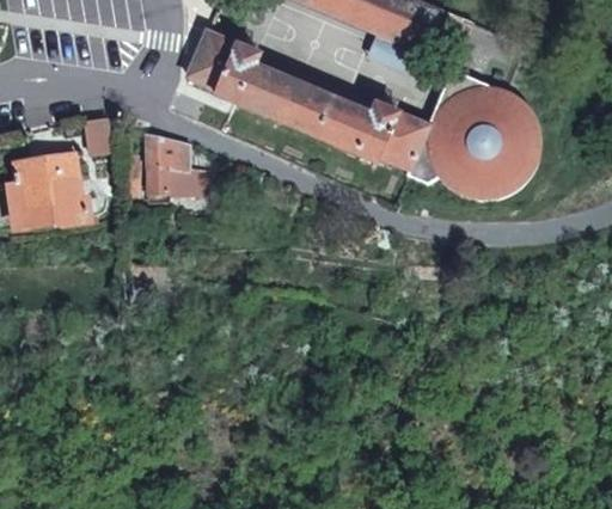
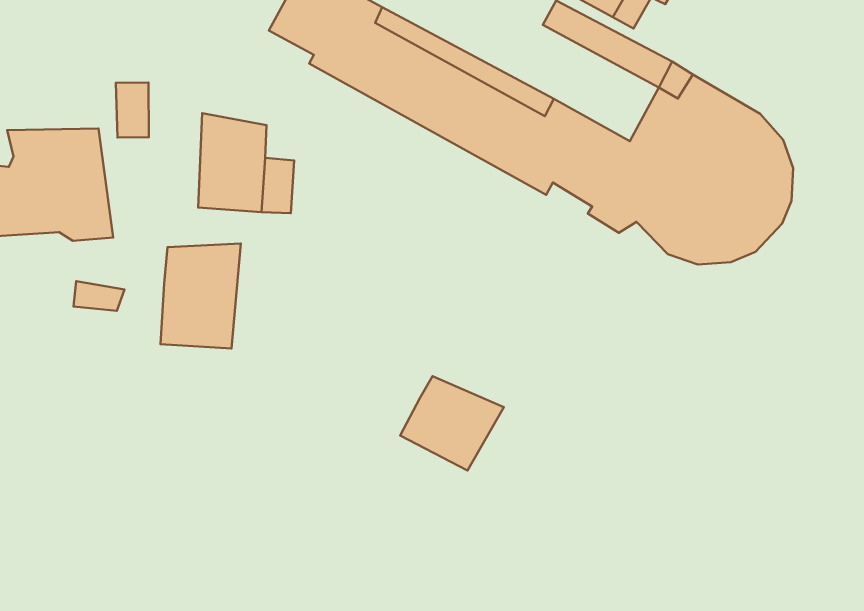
building: none -> [160,244,241,349]
building: none -> [400,376,504,471]

